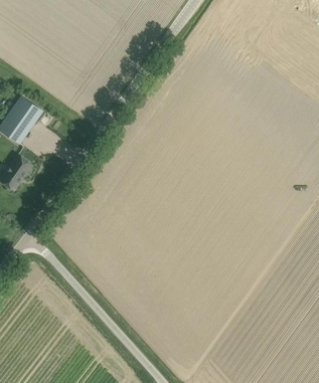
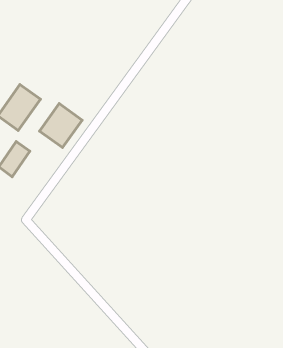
building: none -> [39,104,82,148]

